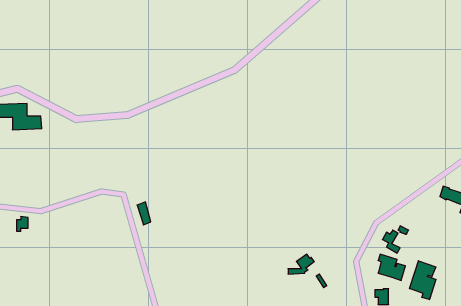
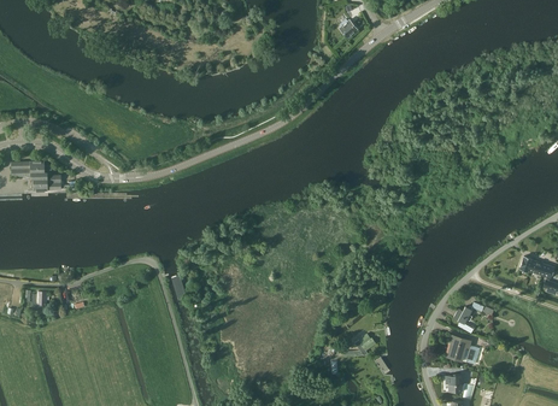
building: [410,261,436,300] -> none

